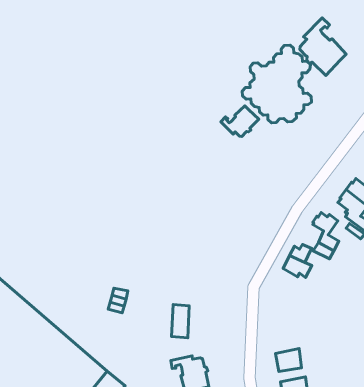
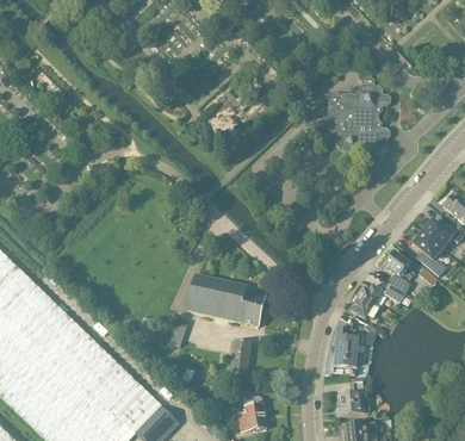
building: [300,18,346,75] -> none
building: [221,106,259,136] -> none
building: none -> [188,274,266,327]
building: none -> [335,328,364,374]

